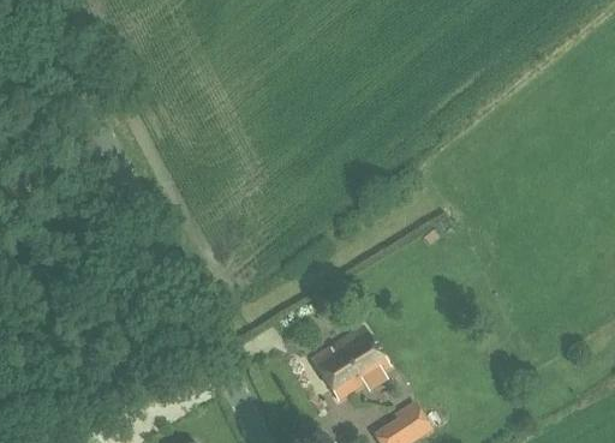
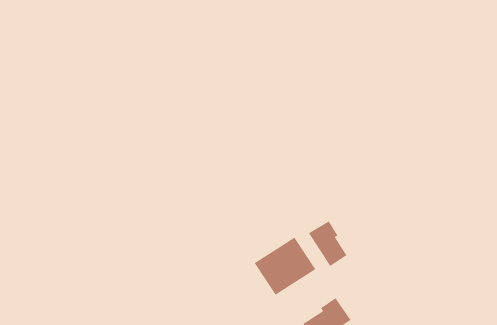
building: none -> [308,221,347,267]

